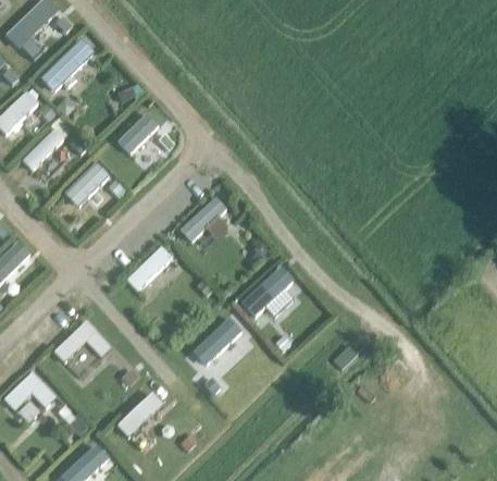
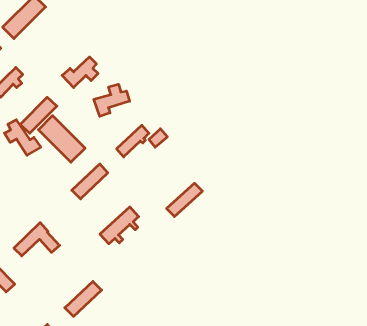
building: none -> [94,84,130,116]
building: none -> [38,116,85,162]
building: none -> [4,120,41,155]
building: [191,317,239,362] -> [100,207,139,244]

